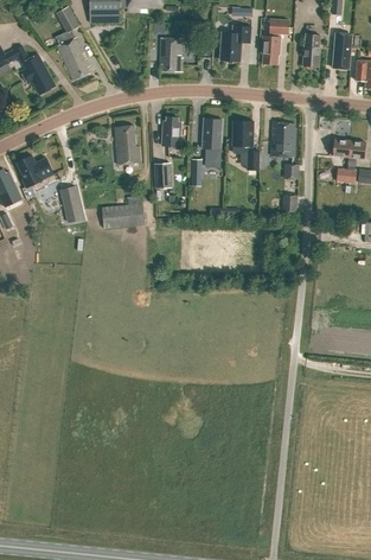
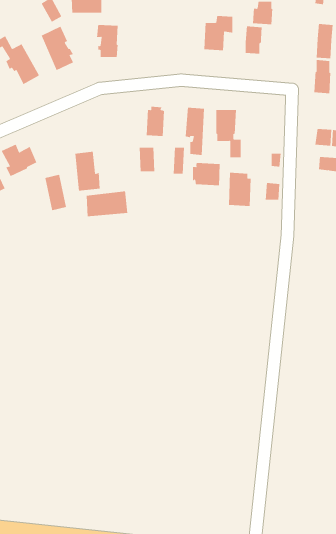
building: [303,32,321,66] -> [314,60,331,94]
building: [159,38,181,71] -> [96,24,119,57]
building: [271,122,295,157] -> [228,172,252,206]
building: [115,125,141,165] -> [75,151,101,191]
building: none -> [192,162,220,186]

